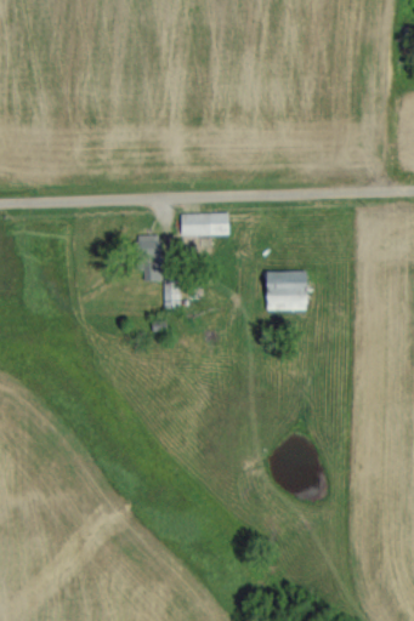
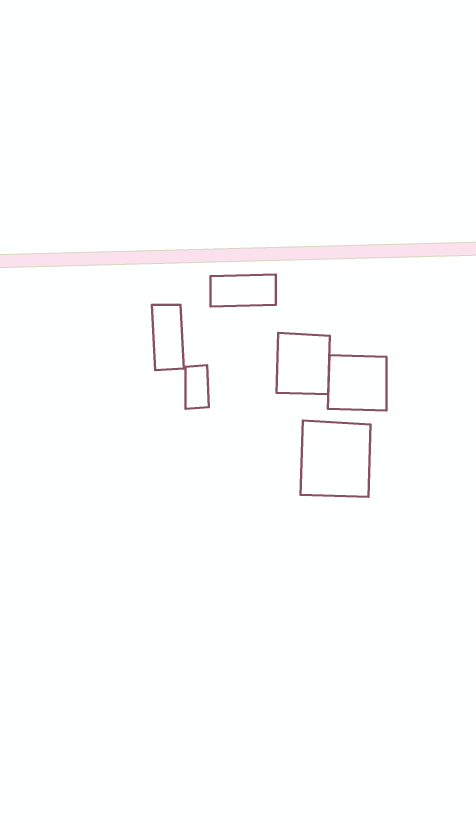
building: none -> [276,333,330,394]
building: none -> [301,421,370,497]

